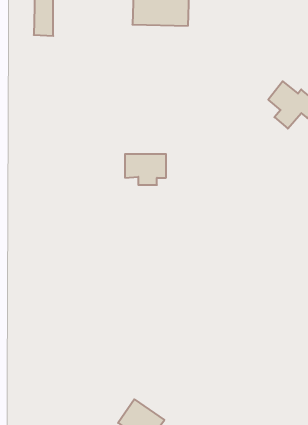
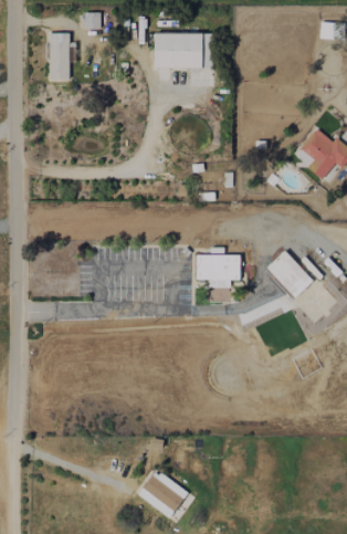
building: [125,154,166,185] -> [197,254,241,287]
building: none -> [266,250,318,297]

